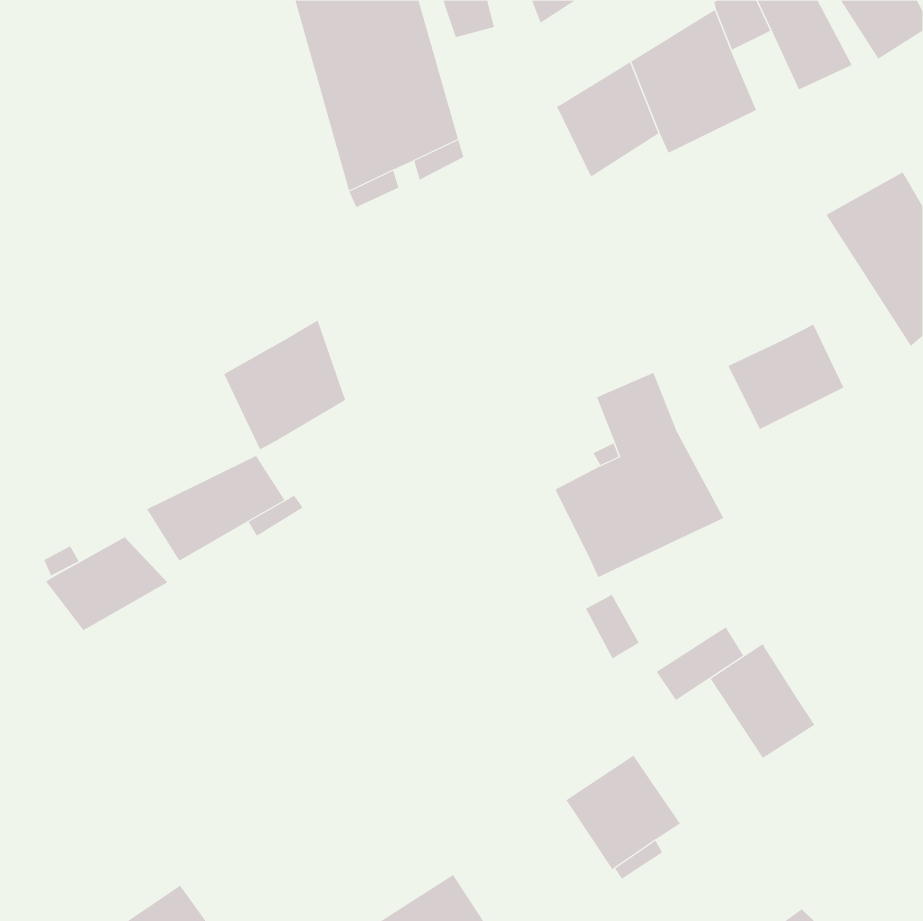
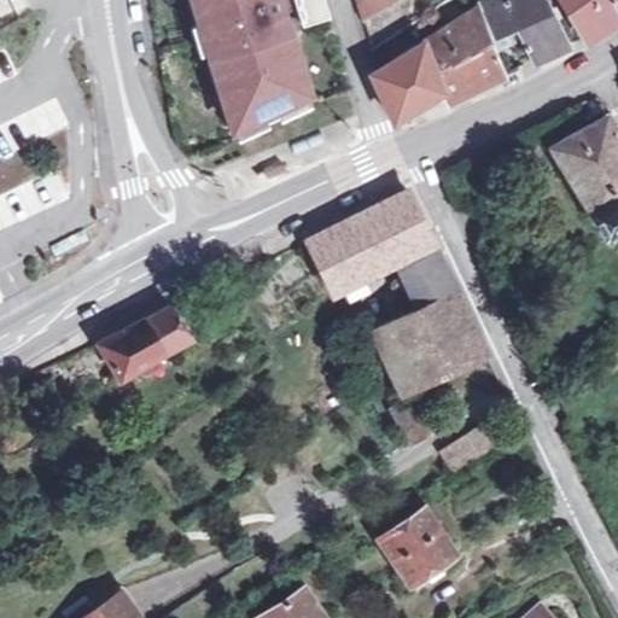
building: none -> [307,190,427,292]
building: [223,319,346,450] -> none
building: [727,324,844,430] -> none
building: [45,536,168,631] -> none
building: [710,643,815,759] -> none

